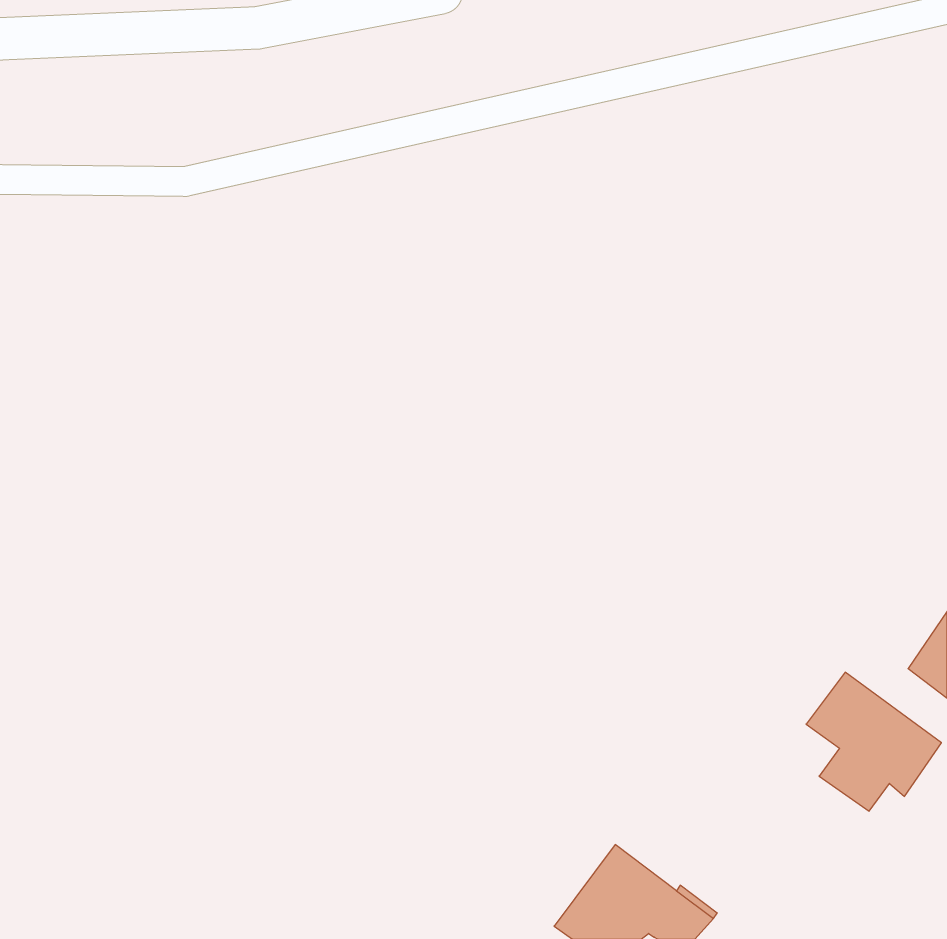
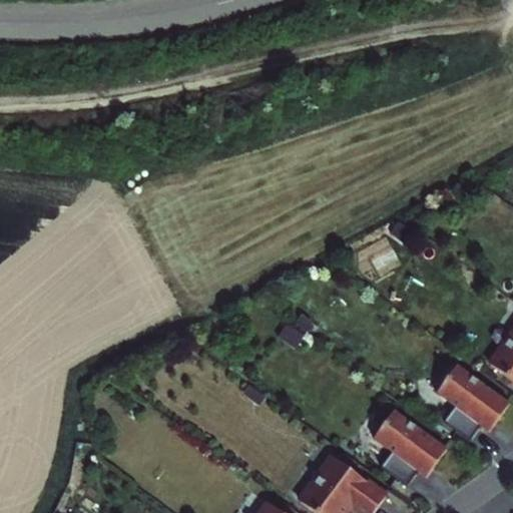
building: none -> [374,409,447,485]

